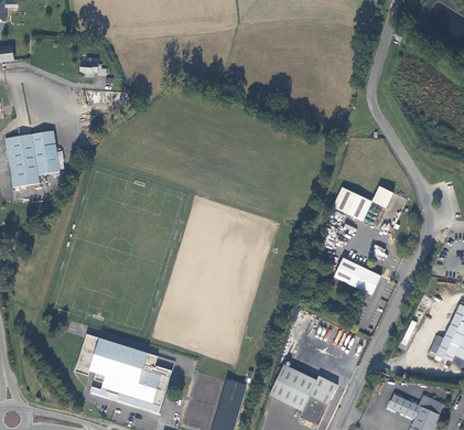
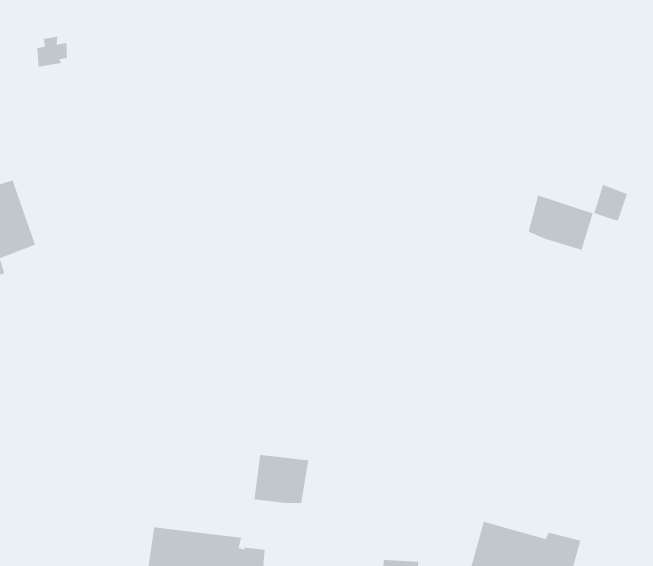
building: [335,259,380,295] -> none
building: none -> [254,454,309,504]

